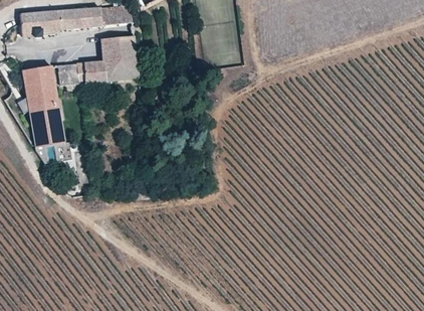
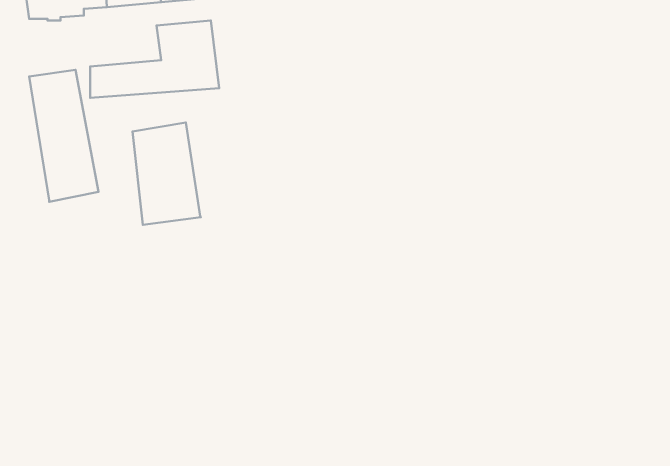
building: none -> [132,123,201,225]

